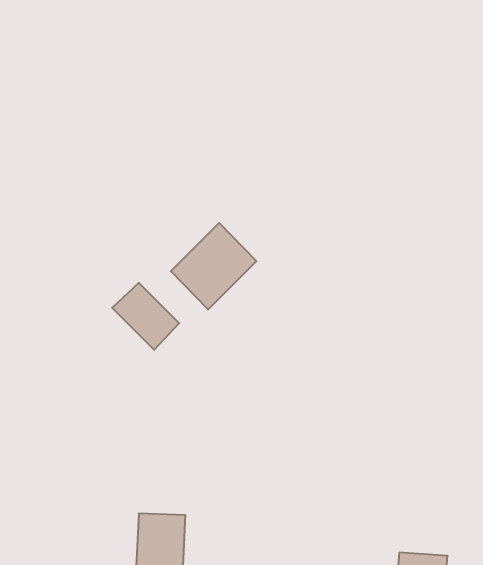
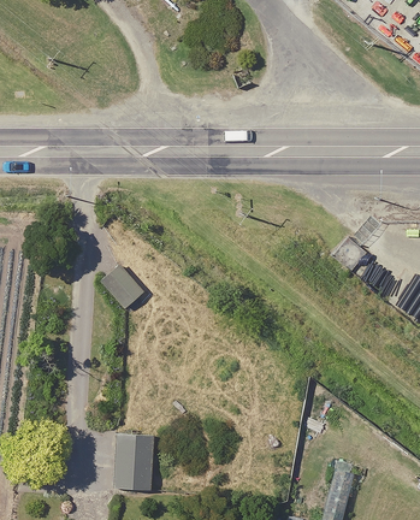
building: [171,223,256,310] -> none

